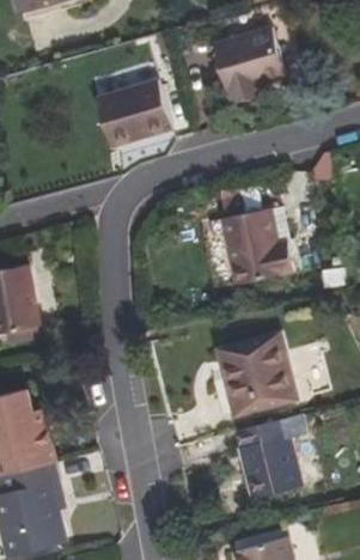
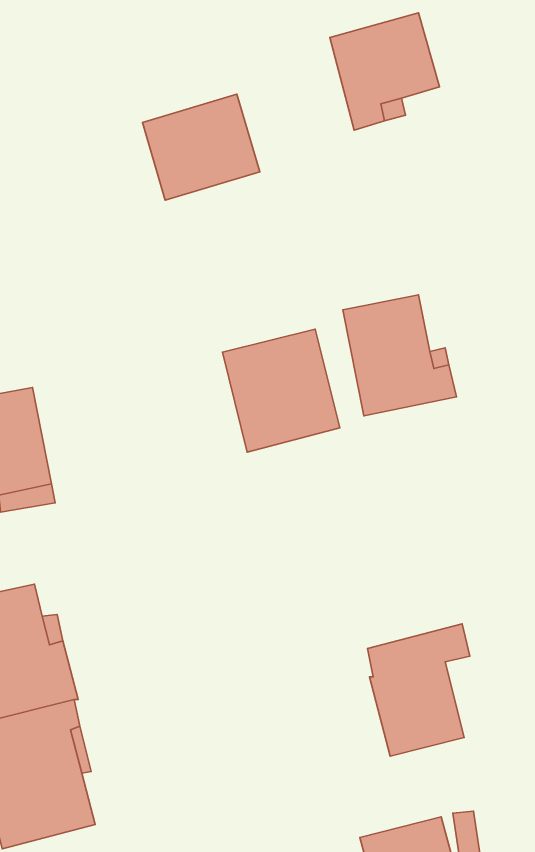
building: [219,335,293,413] -> [222,329,340,452]

